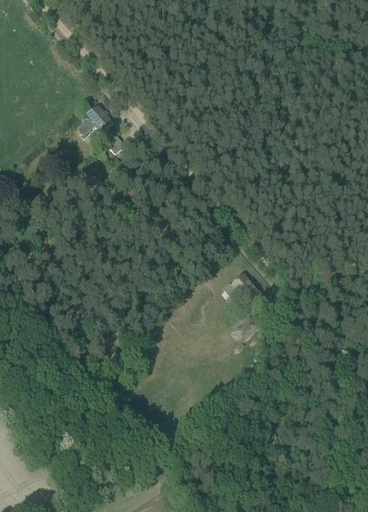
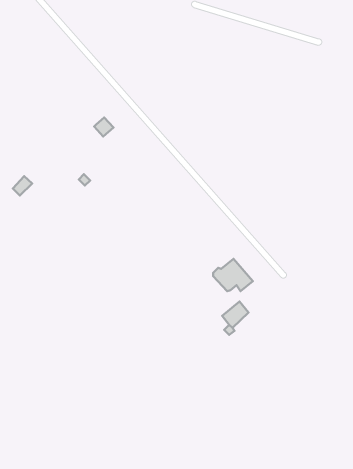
building: [77,104,113,136] -> none

